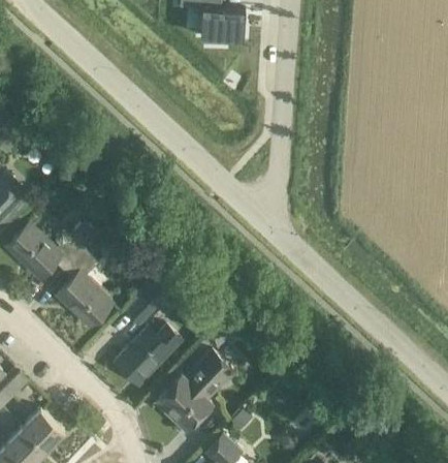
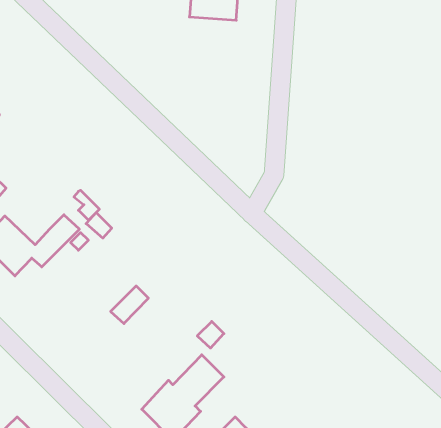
building: [57,236,113,328] -> none
building: [114,327,181,381] -> none

